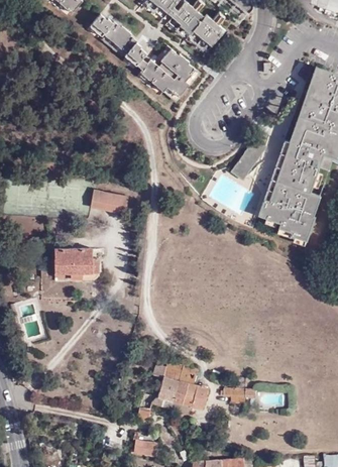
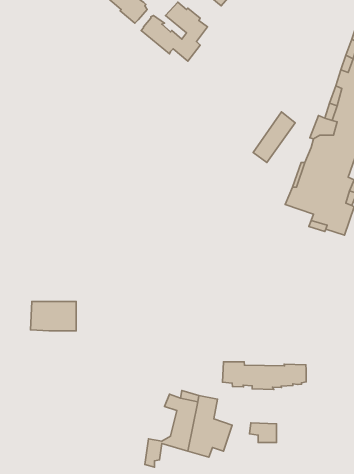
building: [94,191,129,216] -> none
building: [54,250,92,274] -> [31,301,76,331]
building: none -> [222,362,306,390]

